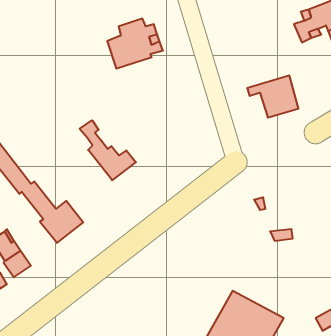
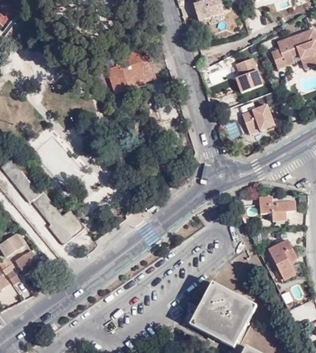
building: none -> [233,55,263,92]
building: [80,120,136,180] -> none
building: none -> [257,193,295,219]
building: none -> [267,238,295,280]

